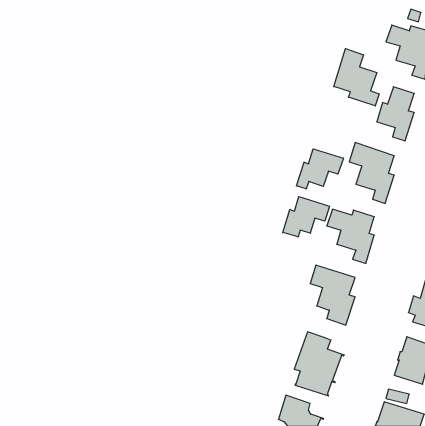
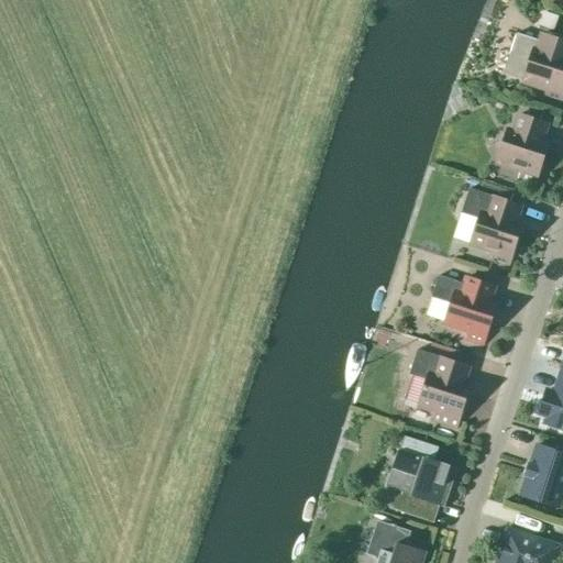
building: [334,49,379,106] -> none
building: [296,149,343,189] -> none
building: [283,197,329,237] -> none

